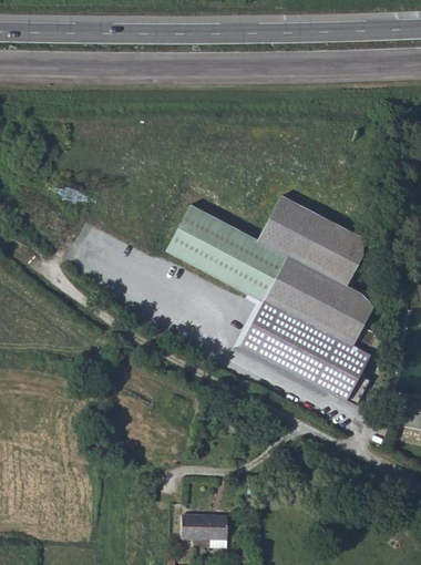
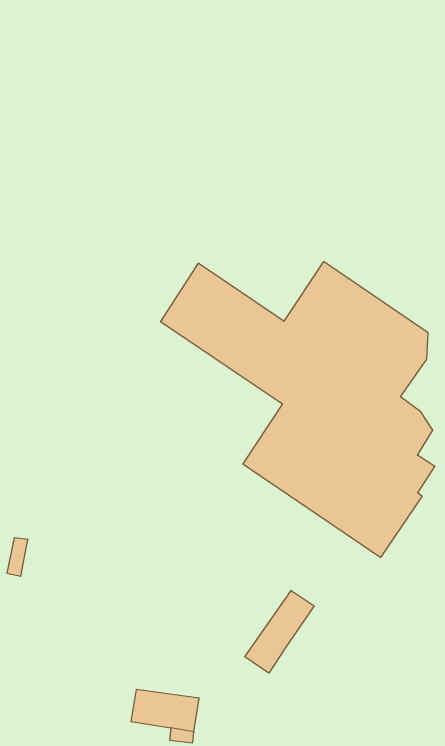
building: none -> [245,590,314,673]

